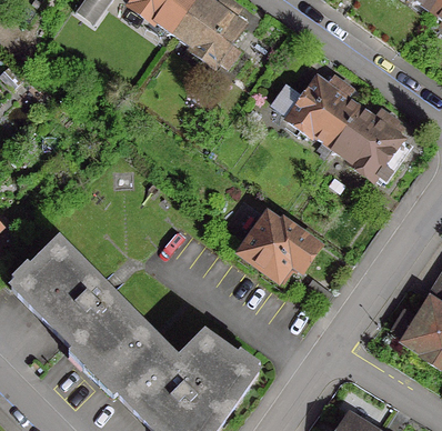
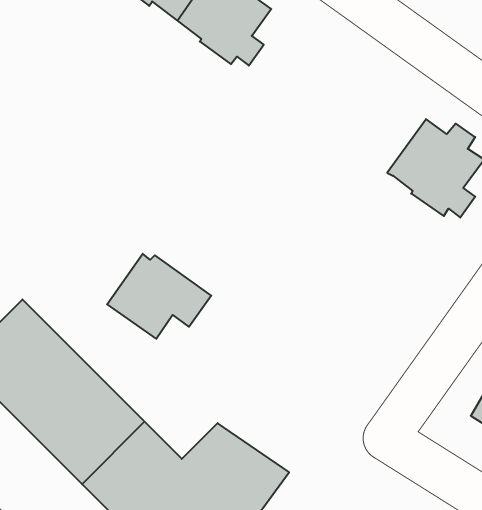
building: [282,76,360,147] -> none
building: [241,214,319,278] -> [107,254,211,339]

